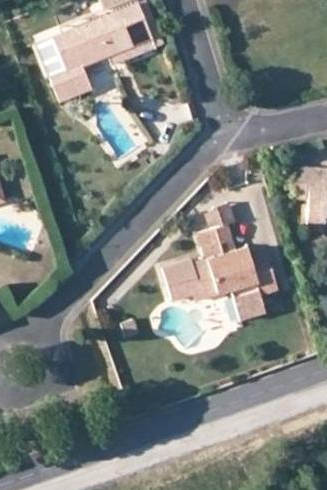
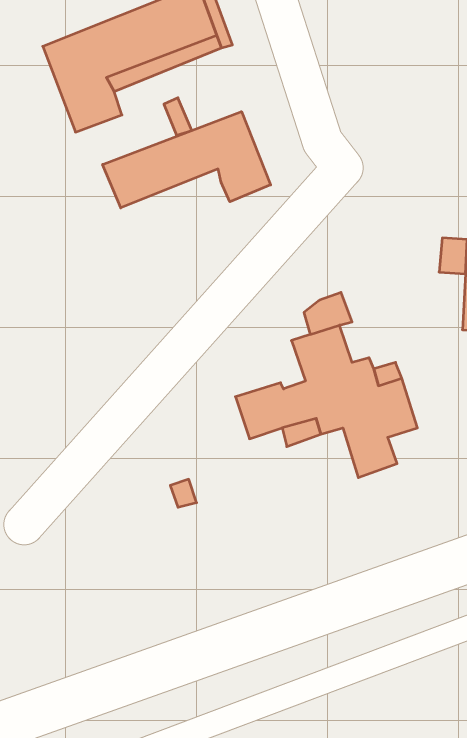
building: none -> [103,112,271,208]

